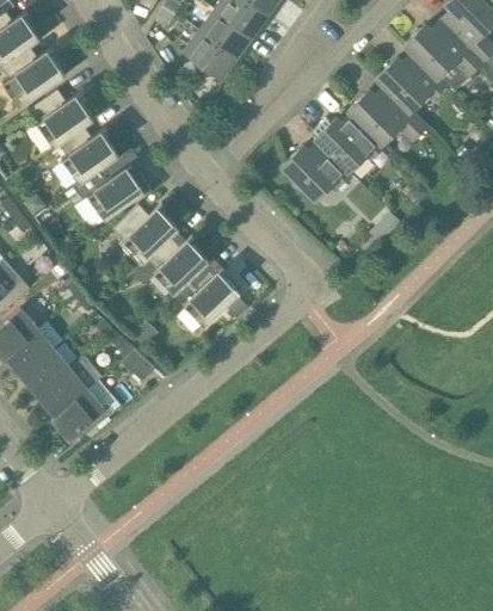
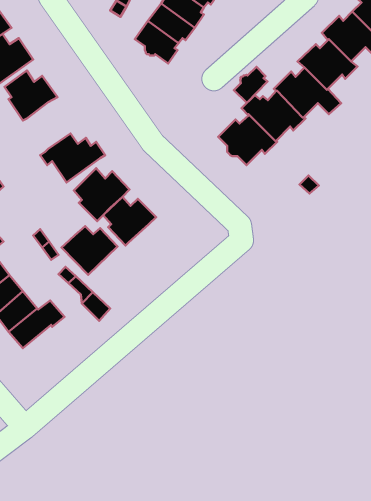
building: none -> [234,67,267,103]
building: [57,125,118,184] -> none
building: [173,269,239,326] -> [62,226,118,275]
building: [50,387,112,437] -> none

